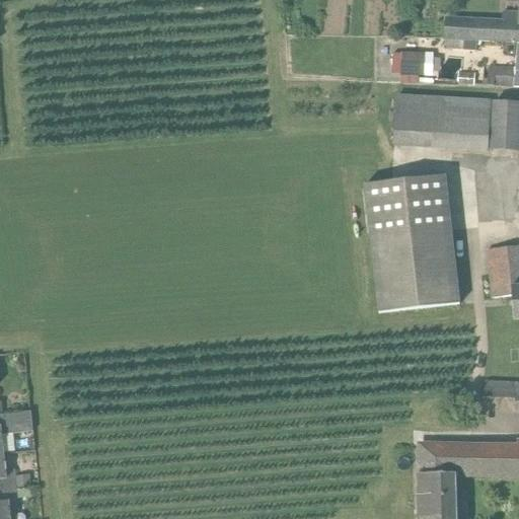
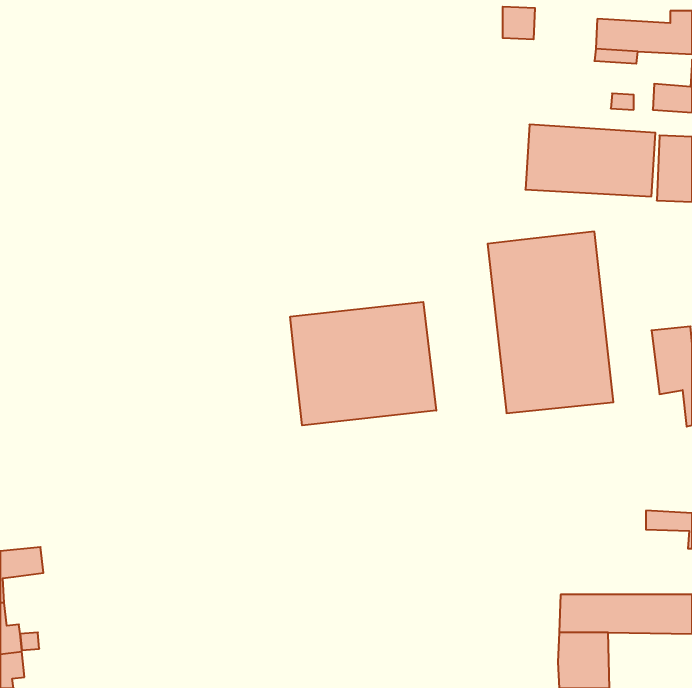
building: [401,51,426,75] -> [503,7,535,39]
building: none -> [290,302,436,425]

